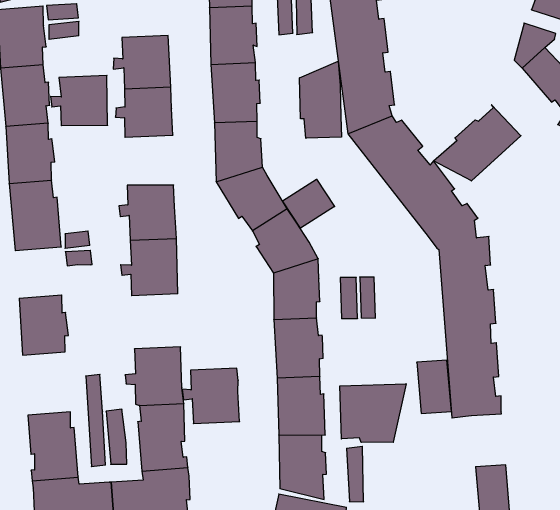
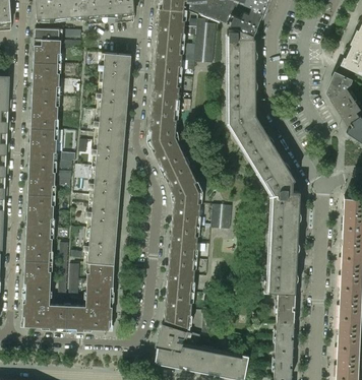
building: [300,61,341,138] -> none
building: [51,75,108,126] -> [94,110,127,140]
building: [433,105,521,181] -> none
building: [282,179,335,228] -> none
building: none -> [28,167,56,195]
building: none -> [25,227,53,262]
building: [417,360,451,413] -> [277,292,295,322]
building: [182,368,240,424] -> [86,200,119,233]
building: [340,384,406,442] -> none

